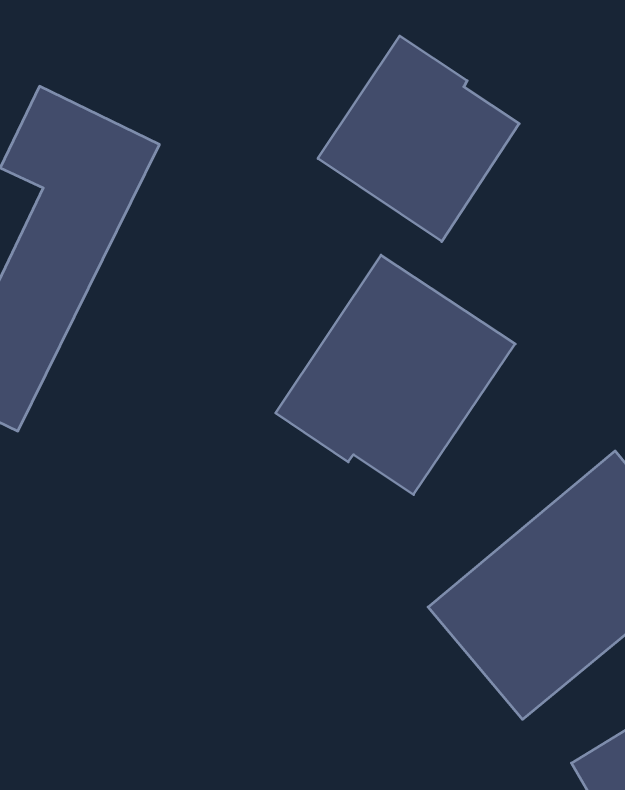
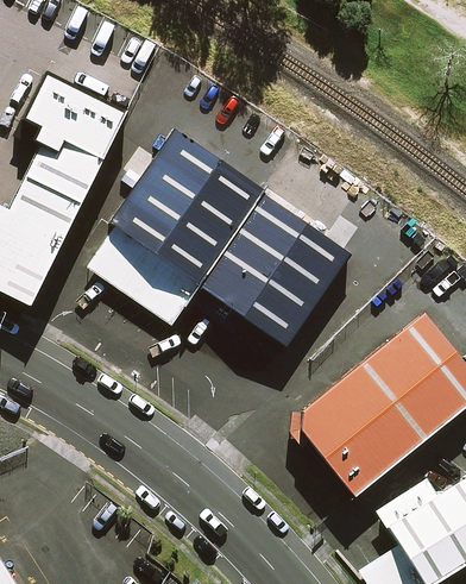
building: [318,36,519,242] -> none
building: none -> [90,131,263,314]

